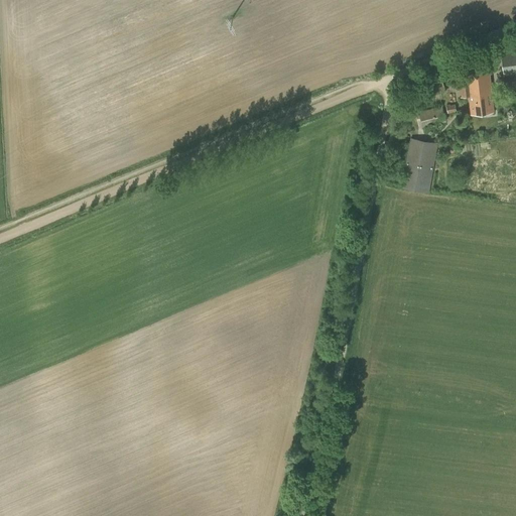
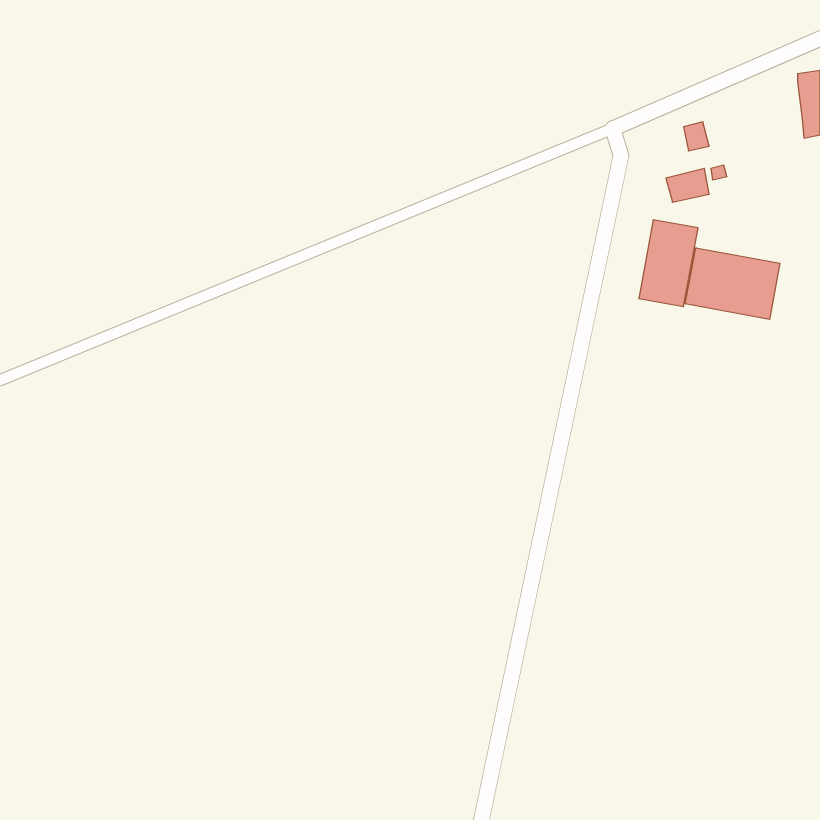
building: [459,68,494,114] -> none
building: none -> [685,248,780,319]

